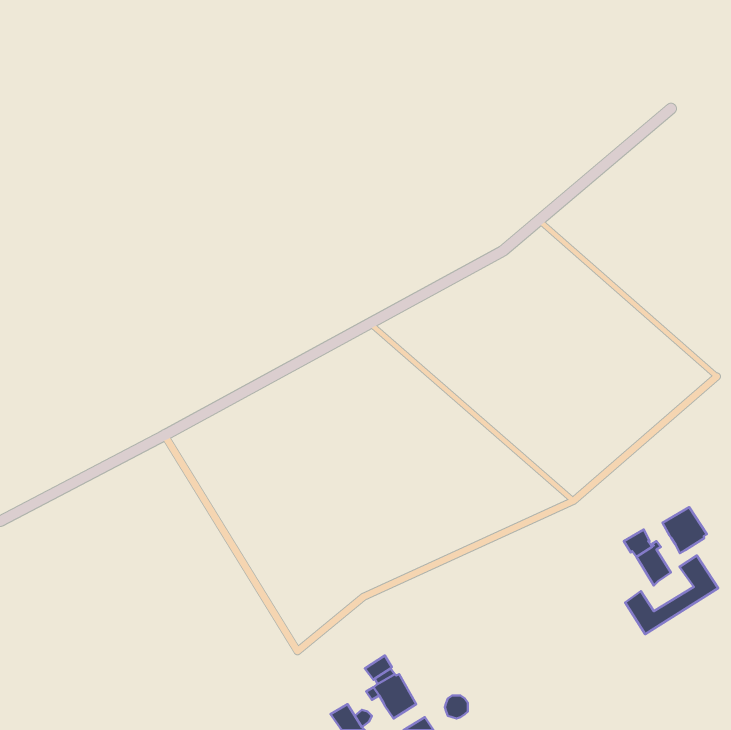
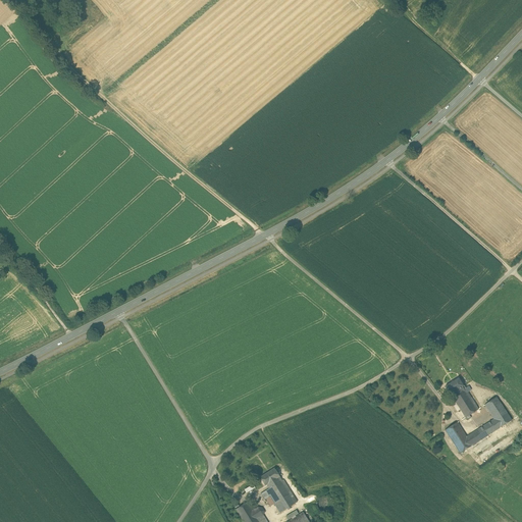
building: [663,507,707,553] -> none

